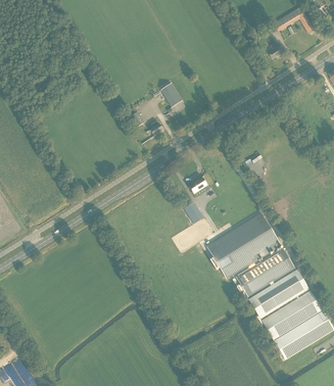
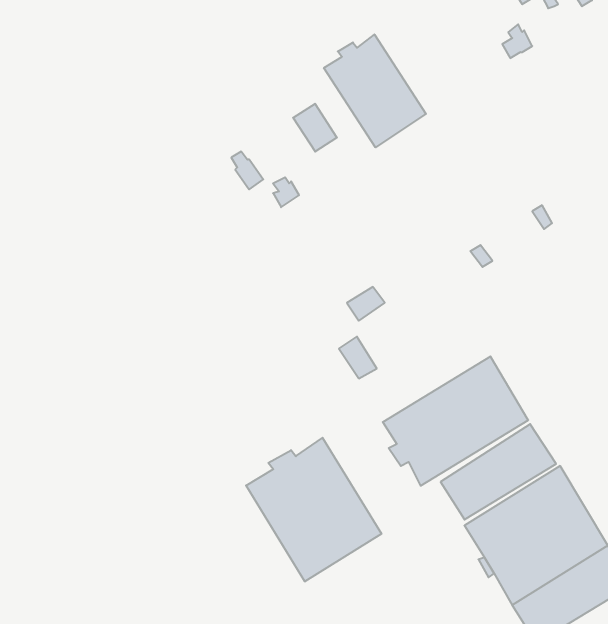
building: none -> [324,34,426,147]
building: none -> [246,438,381,582]

